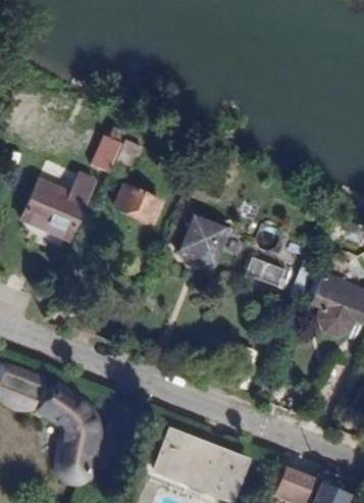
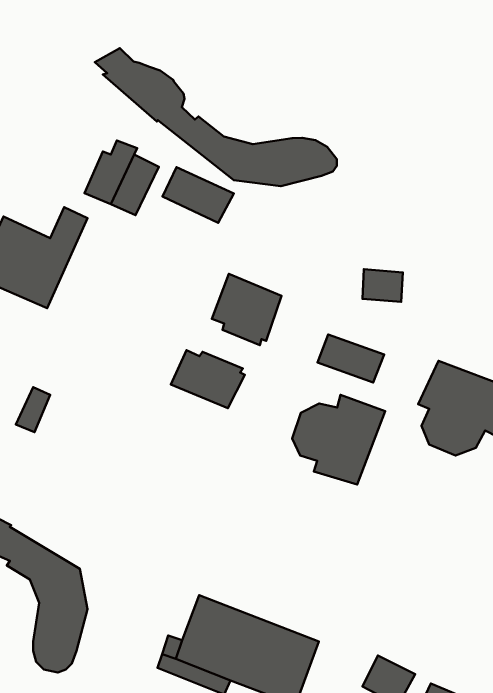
building: none -> [95,48,337,186]
building: [115,186,162,222] -> [162,167,234,223]
building: none -> [171,350,245,408]
building: none -> [292,395,385,484]

